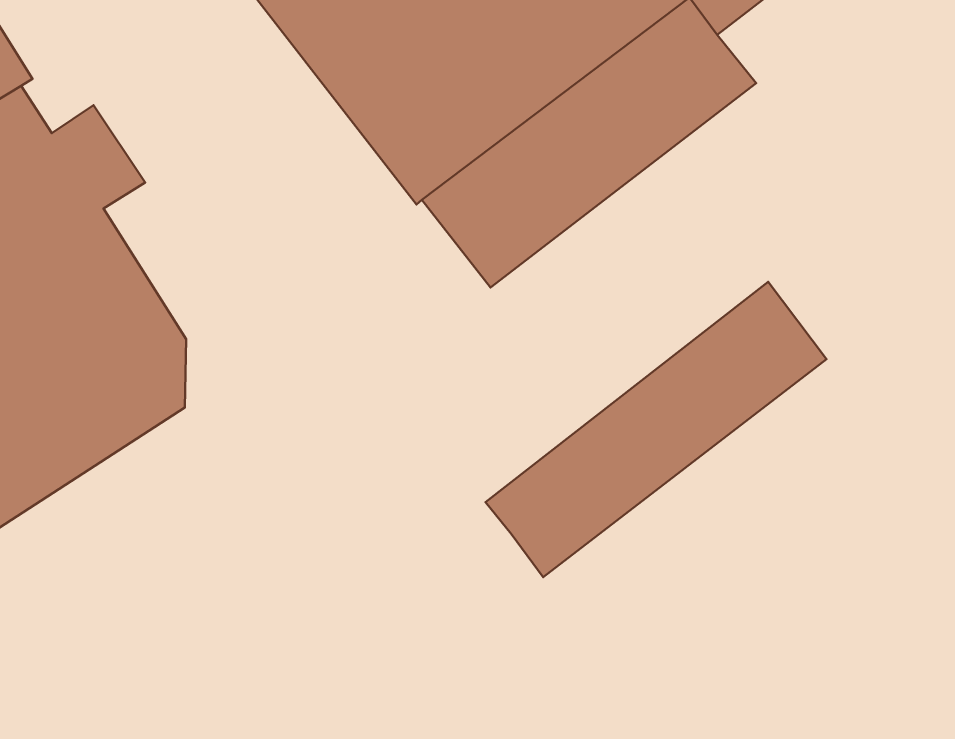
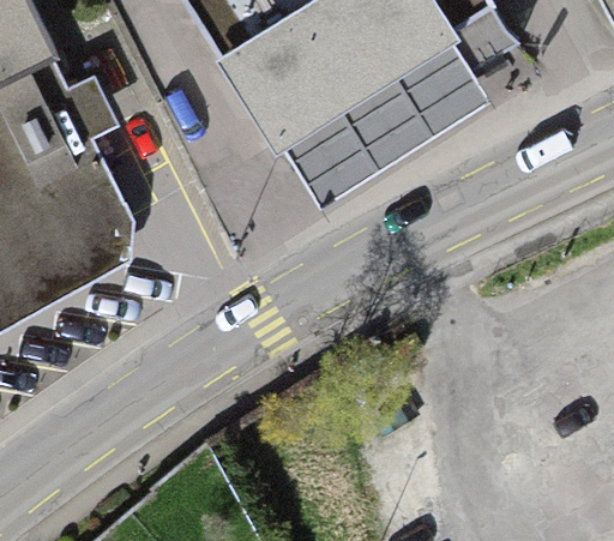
building: [486,282,827,577] -> none

